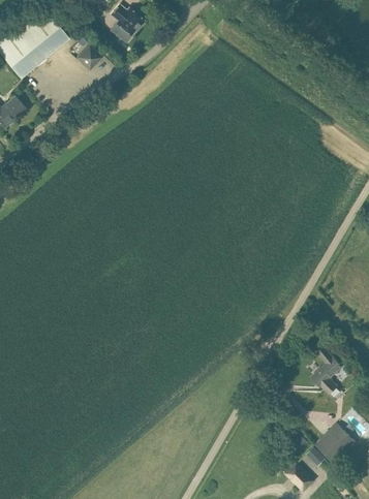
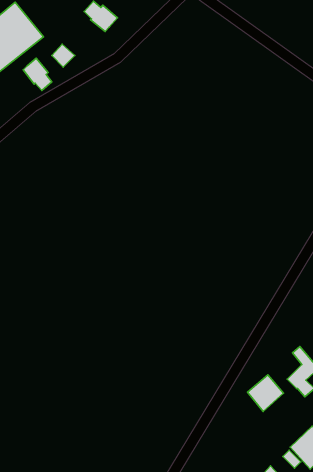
building: none -> [23,58,52,90]
building: none -> [247,375,284,412]

